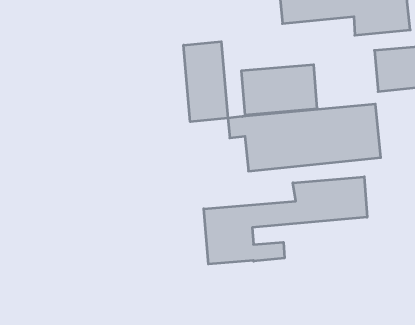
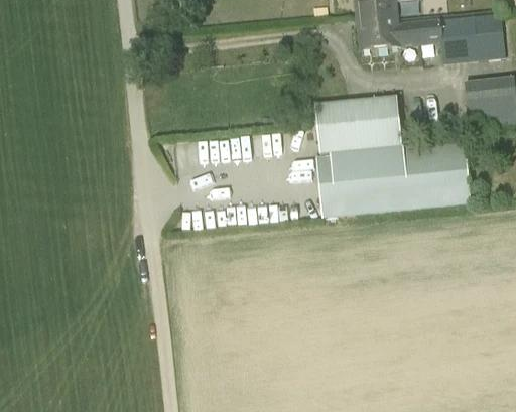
building: [184,42,228,122] -> none
building: [204,177,367,264] -> none

